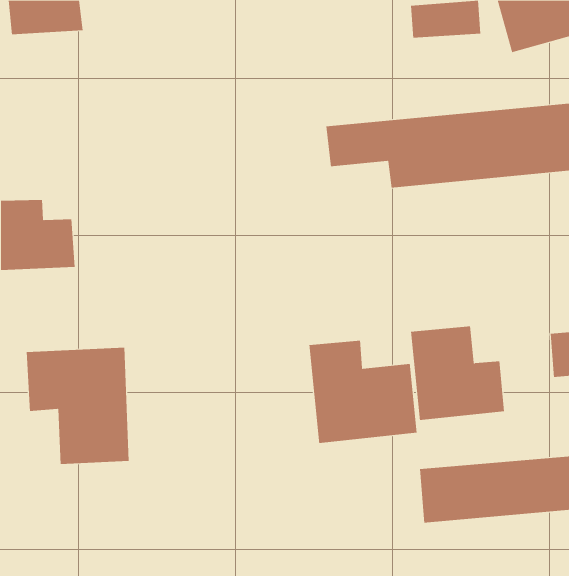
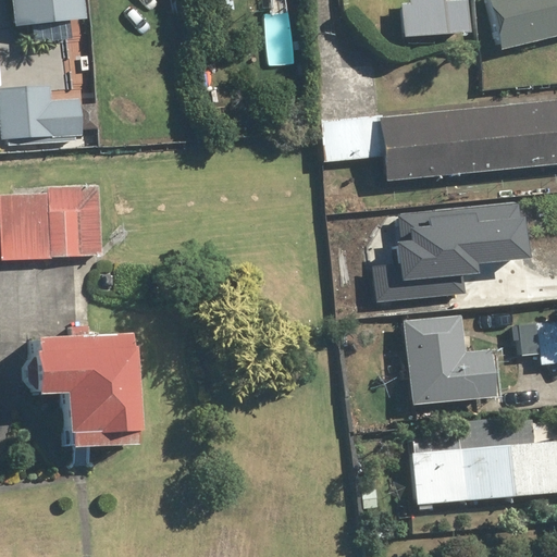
building: none -> [12,84,90,147]
building: none -> [375,194,532,298]
building: [309,340,417,444] -> none

